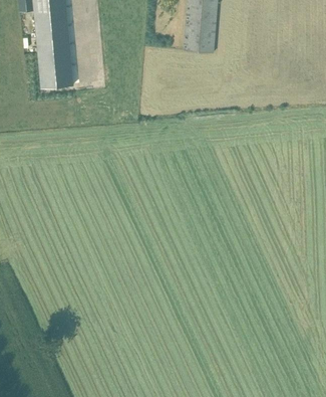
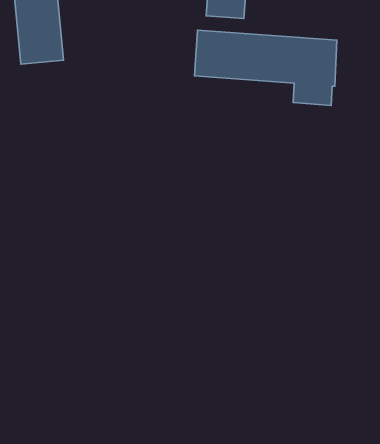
building: none -> [194,30,337,106]

